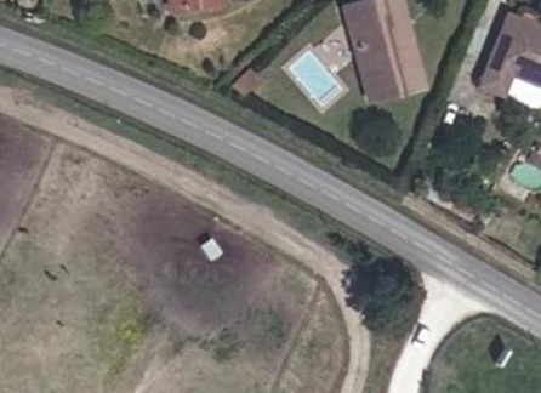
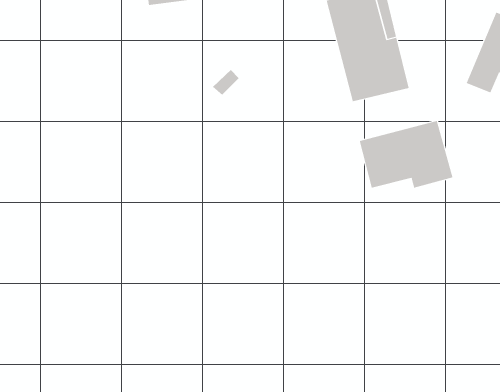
building: none -> [359,120,453,189]

